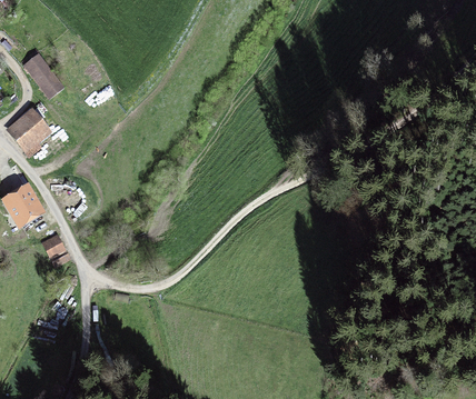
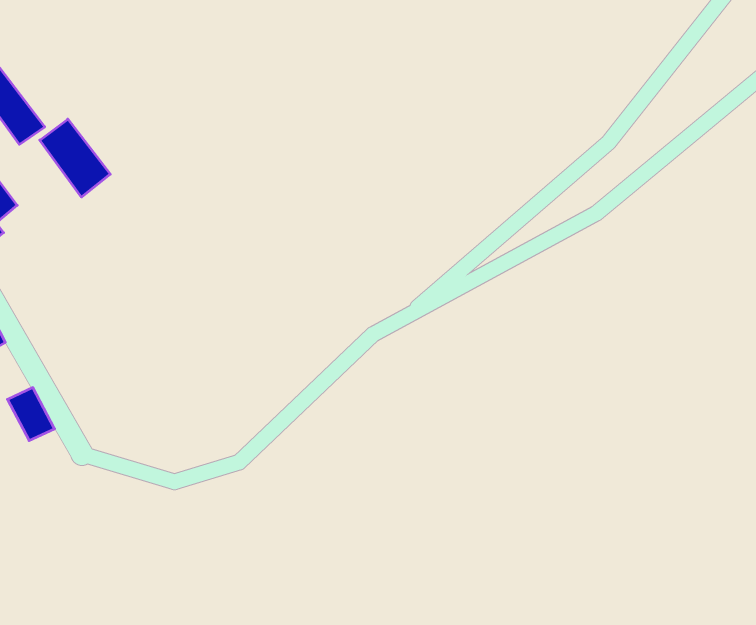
building: none -> [40,119,110,197]

